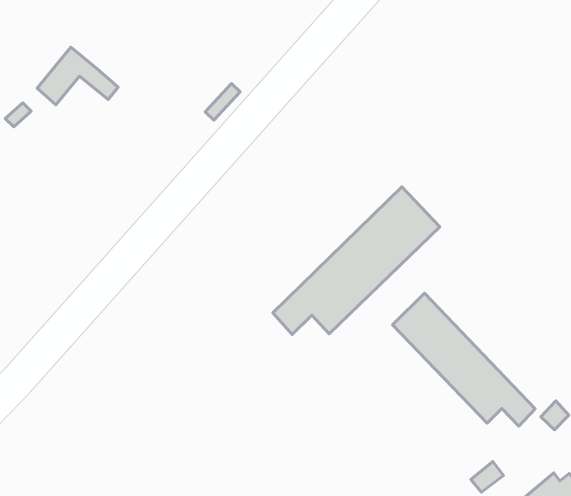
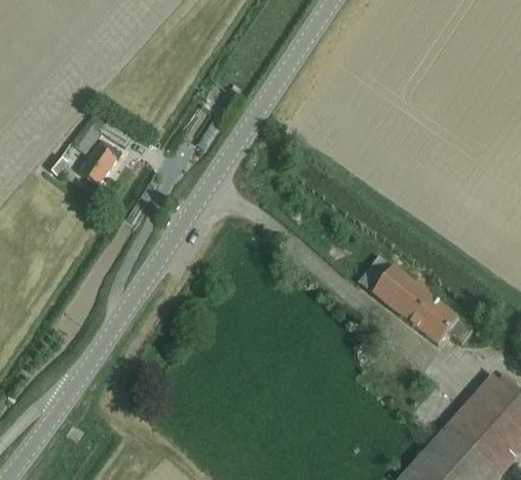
building: none -> [80,145,117,185]
building: [273,187,440,335] -> none

